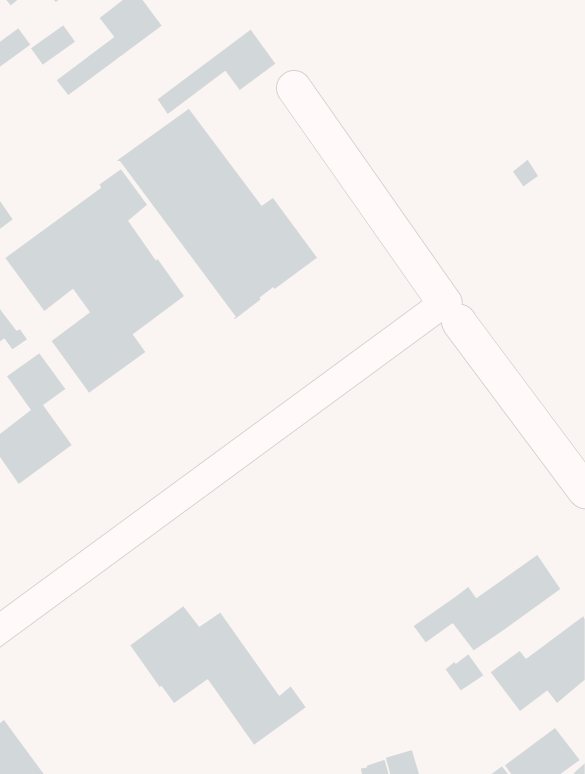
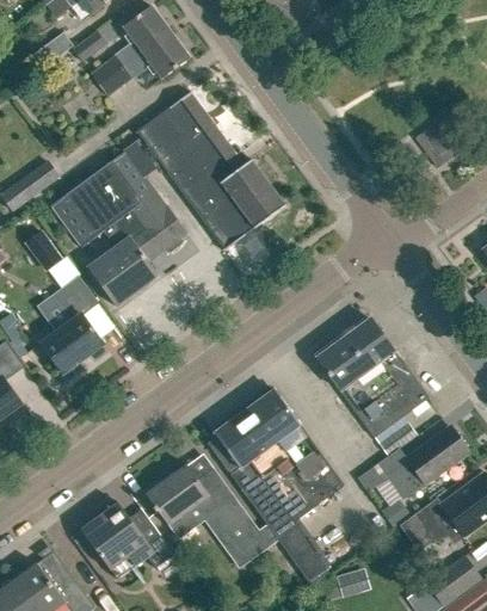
building: [156,29,276,115] -> [100,31,190,95]
building: none -> [319,319,429,456]
building: none -> [216,391,345,581]
building: none -> [82,502,174,578]

